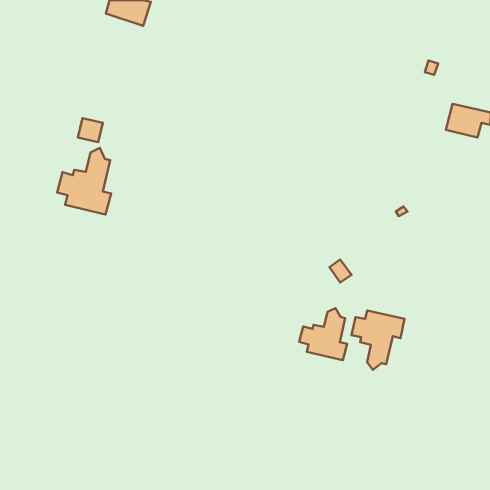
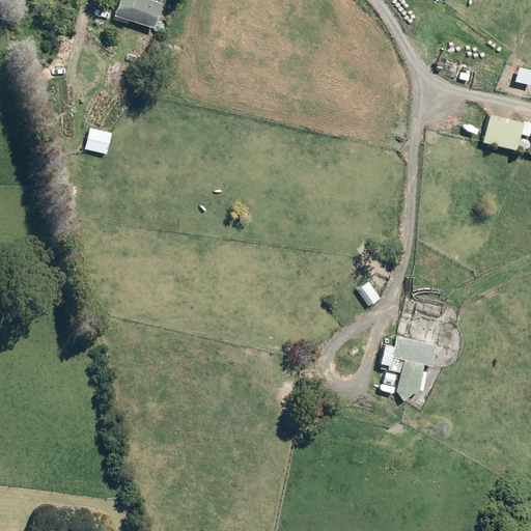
building: [57,148,111,215] -> none
building: [299,308,347,360] -> none

